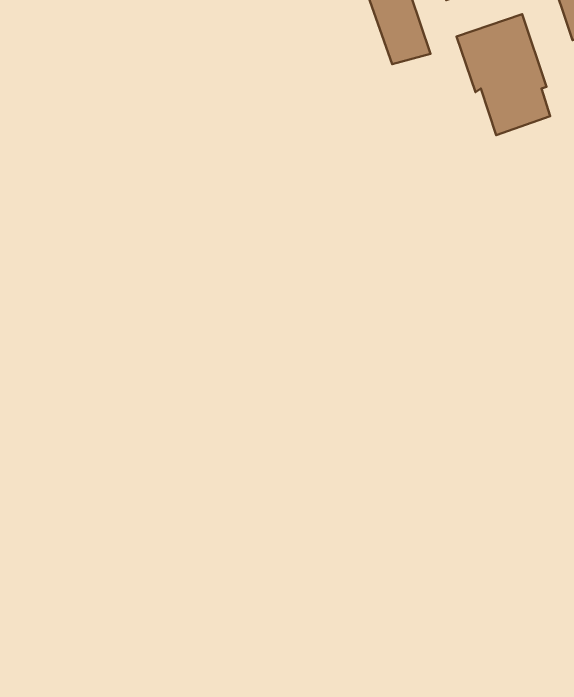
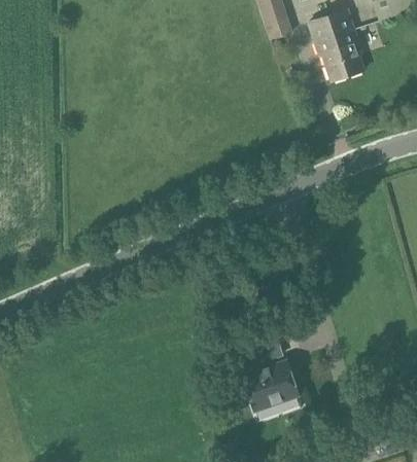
building: none -> [242,360,297,411]

